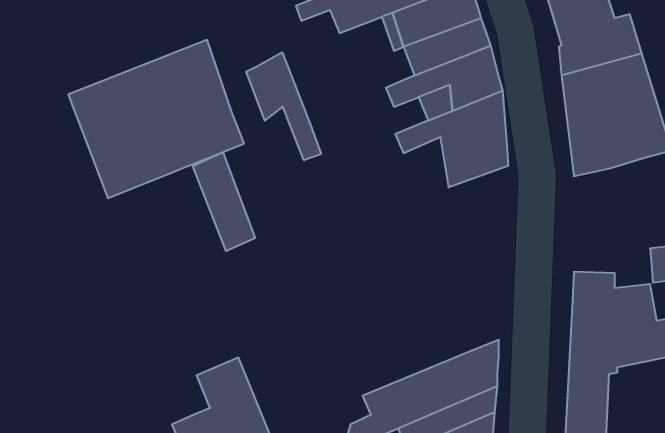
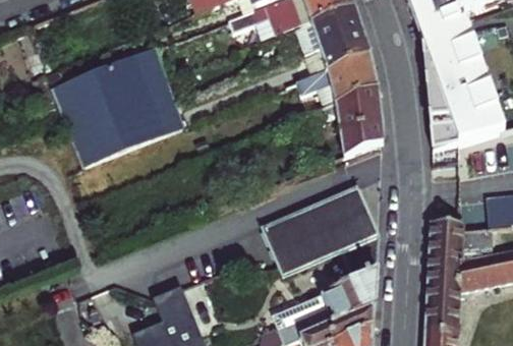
building: [246,52,321,160] -> none
building: [193,152,255,251] -> none
building: none -> [264,186,379,281]

